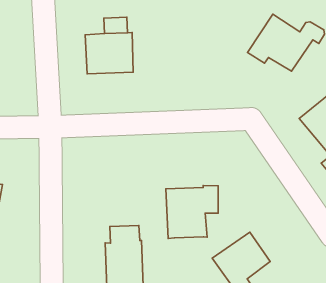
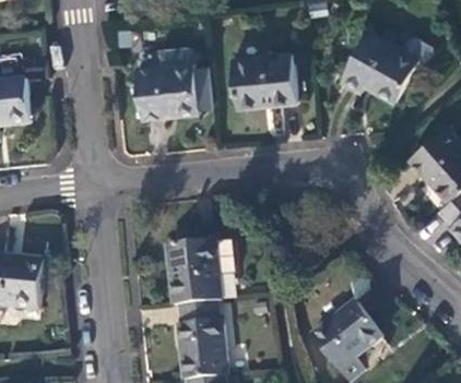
building: none -> [232,51,299,107]
building: [166,186,218,238] -> [167,236,234,304]

